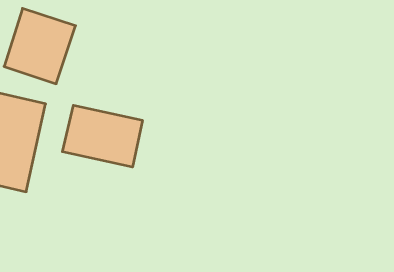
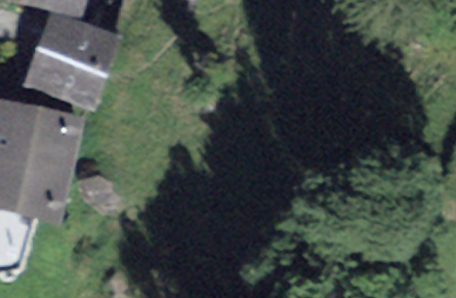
building: [62,105,142,167] -> none

